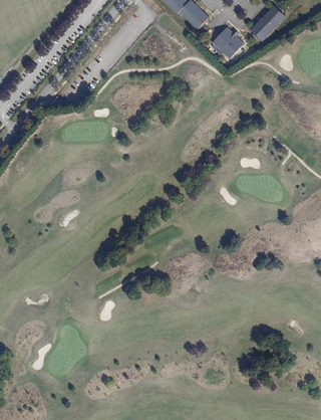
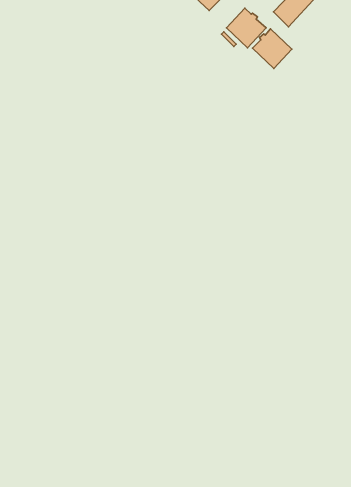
building: none -> [252,29,292,68]

